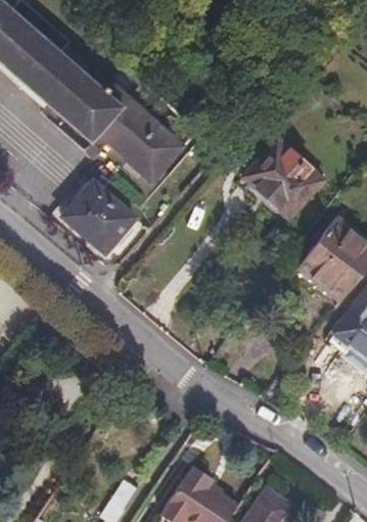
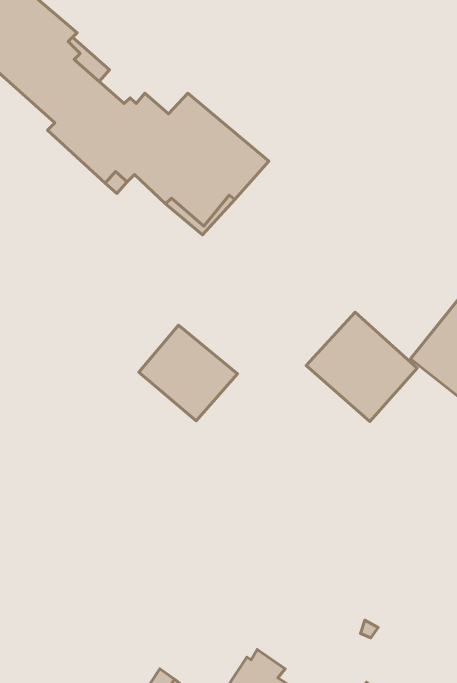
building: [244,141,321,217] -> [306,312,417,421]
building: [65,184,134,250] -> [139,325,238,421]

